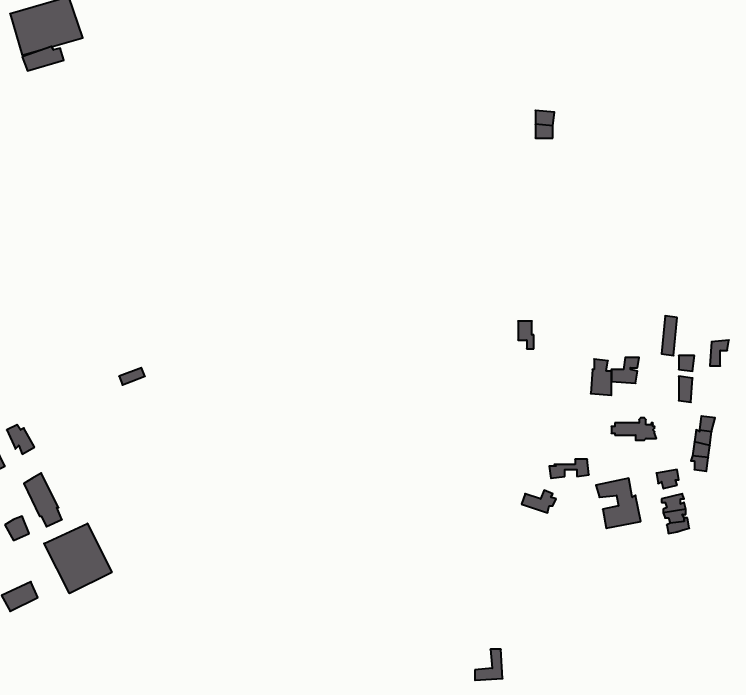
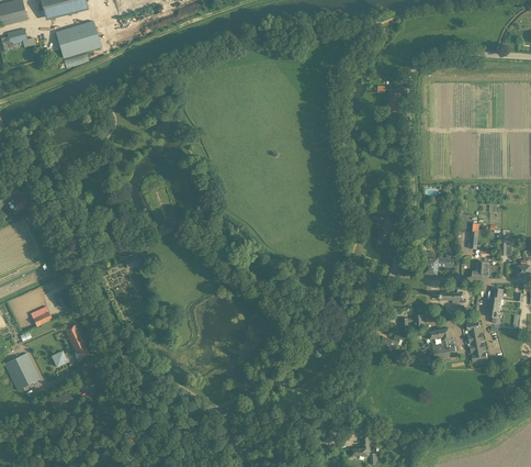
building: [44,523,112,593] -> none

